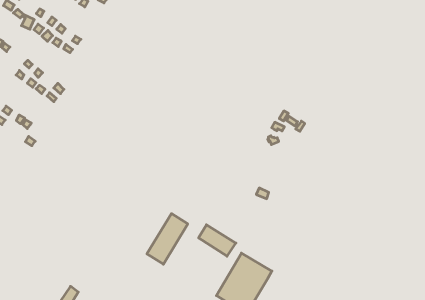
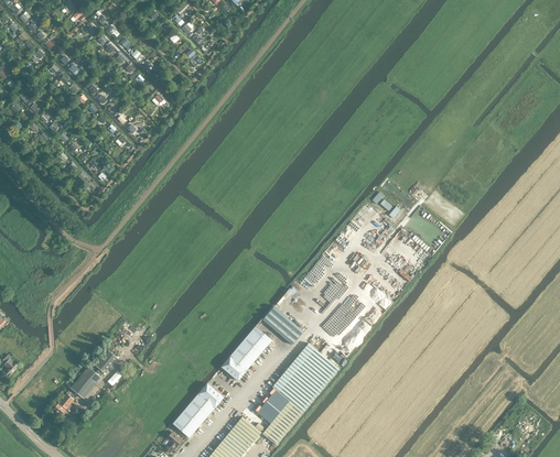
building: [147,214,188,264] -> [220,326,271,381]

